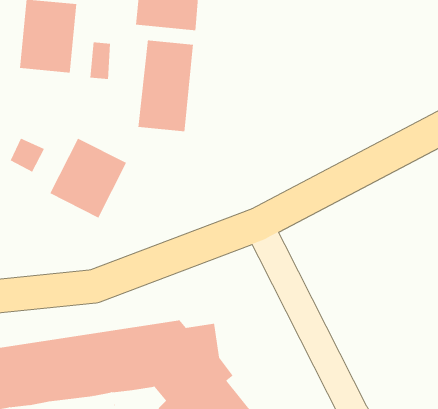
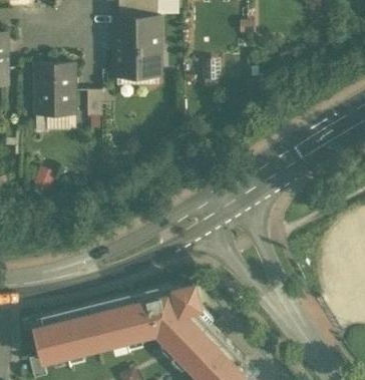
building: [138,40,193,132] -> none
building: [49,138,127,218] -> none

